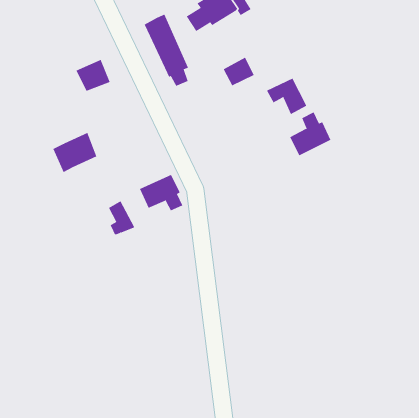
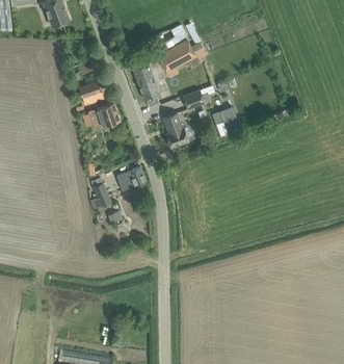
building: none -> [163,113,188,148]
building: [290,111,331,156] -> none
building: [52,132,97,173] -> [88,102,120,129]

